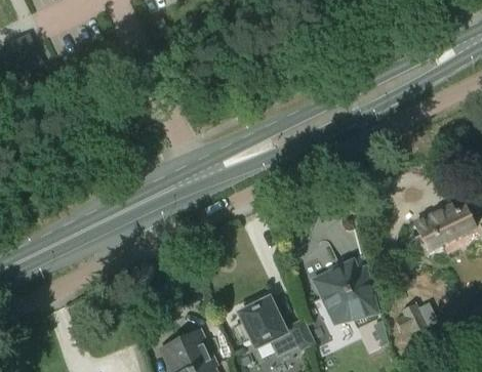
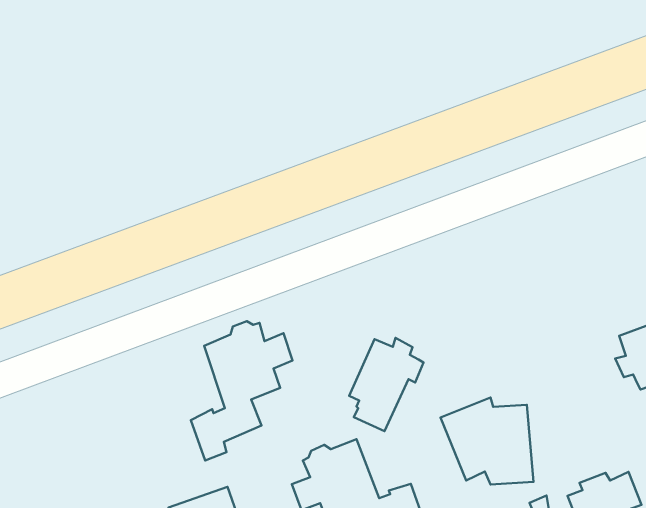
building: none -> [191,321,293,461]
building: none -> [349,338,424,431]

